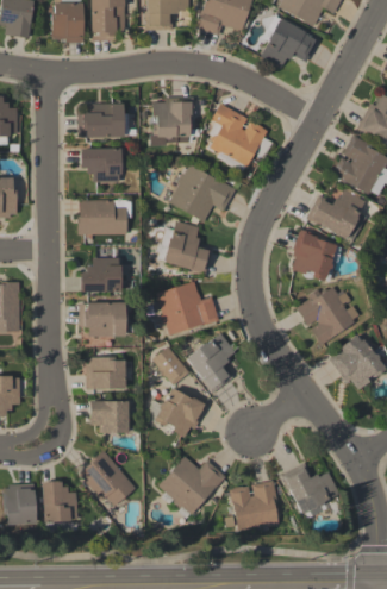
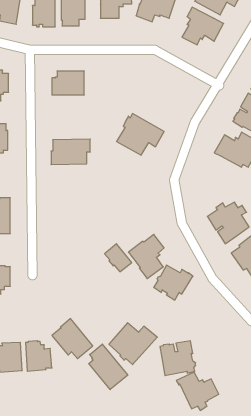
building: [150,96,202,145] -> none
building: [210,102,273,167] -> none
building: [81,148,121,182] -> none
building: [163,220,213,274] -> none
building: [292,228,342,281] -> none
building: [81,257,121,292] -> none
building: [157,281,219,334] -> none
building: [80,302,126,337] -> none
building: [86,357,126,389] -> none
building: [155,388,210,437] -> [154,265,193,300]
building: [90,401,129,433] -> none
building: [280,463,339,516] -> [176,372,219,410]
building: none -> [89,344,128,390]

